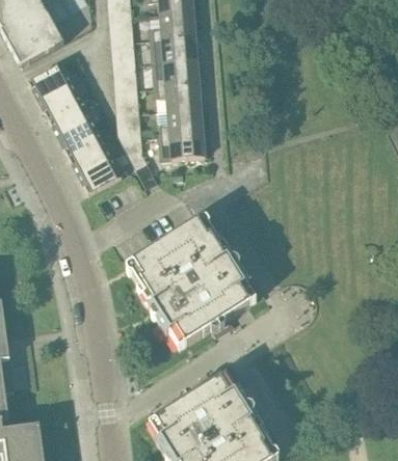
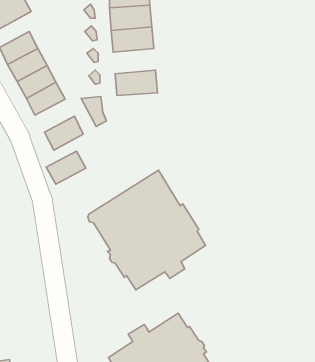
building: [154,79,201,106] -> none
building: [158,128,207,156] -> none
building: [68,135,111,171] -> [46,151,86,184]

